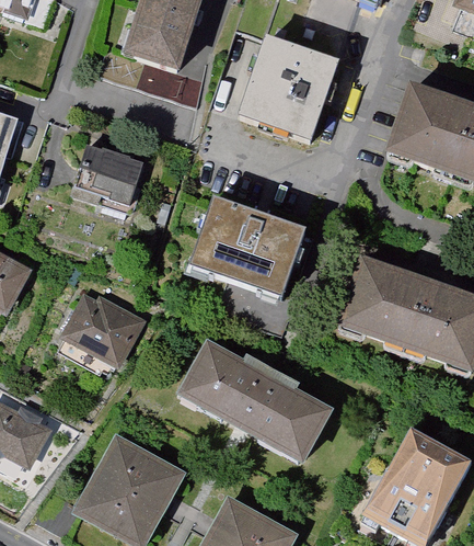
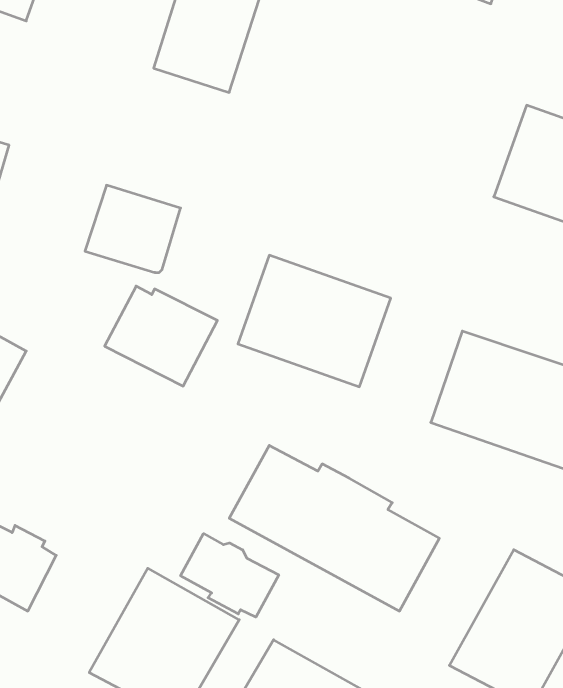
building: [236,34,339,140] -> none
building: [60,291,147,367] -> [105,286,217,386]
building: none -> [181,534,279,617]

